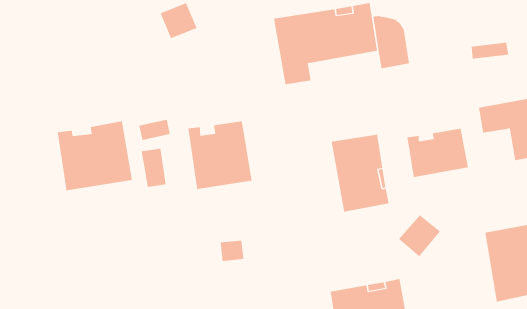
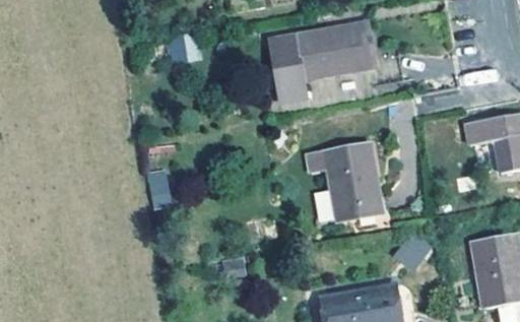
building: [57,120,133,191] -> none
building: [188,121,252,190] -> none
building: [407,128,468,178] -> none

